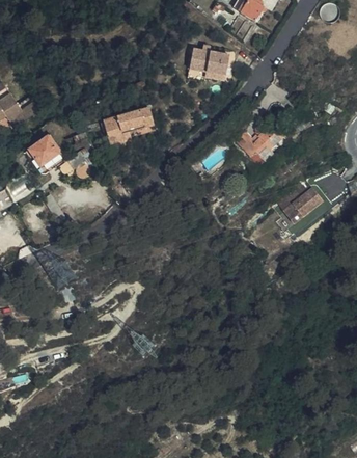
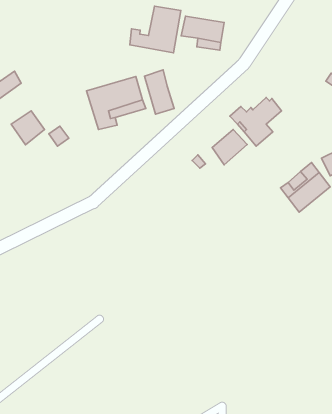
building: none -> [130,6,181,53]
building: none -> [145,70,174,114]
building: none -> [212,129,247,165]

